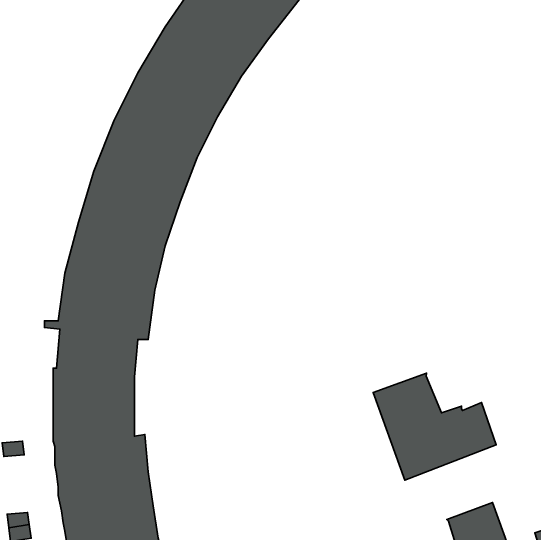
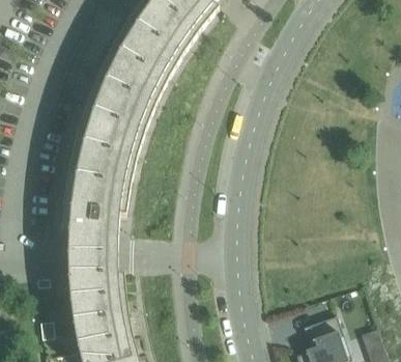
building: [373,373,496,480] -> none

